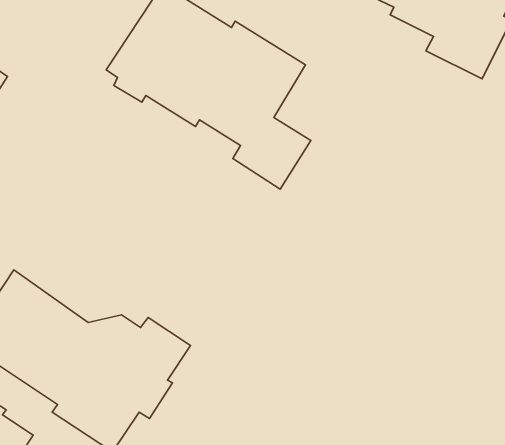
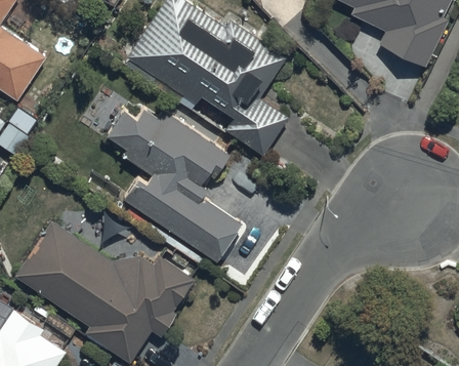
building: none -> [105,110,244,261]

